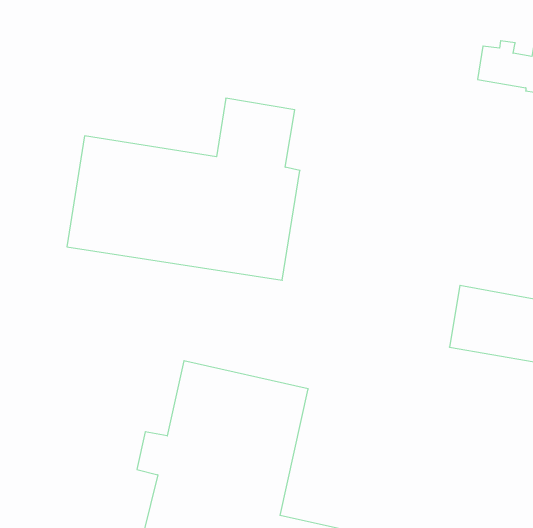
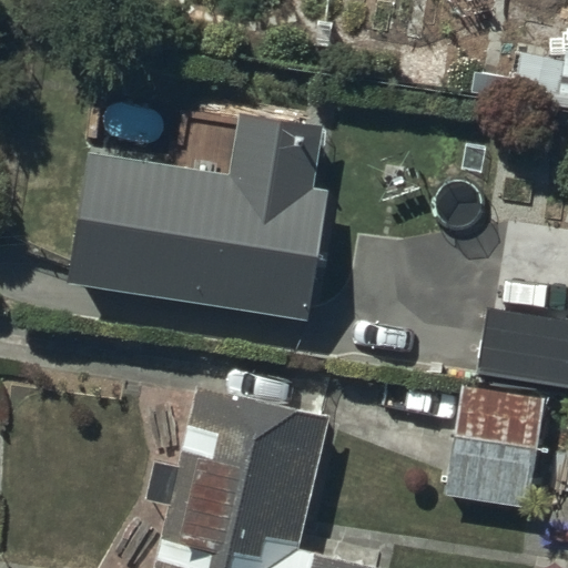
building: none -> [443,389,546,513]

